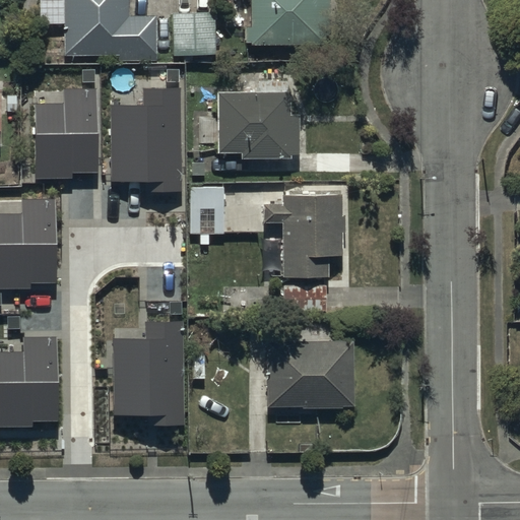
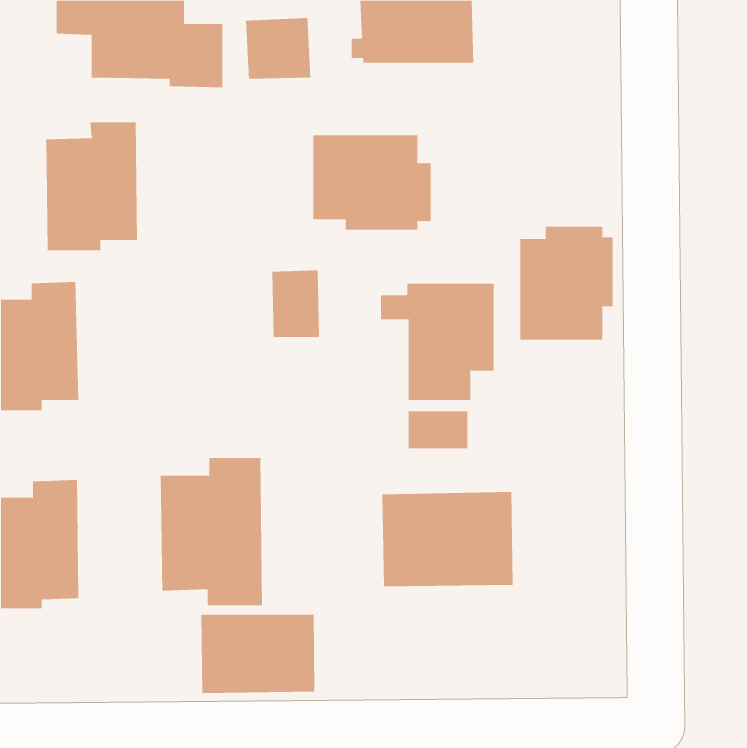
building: [107,83,180,188] -> none
building: none -> [520,226,613,341]
building: none -> [201,614,315,694]

